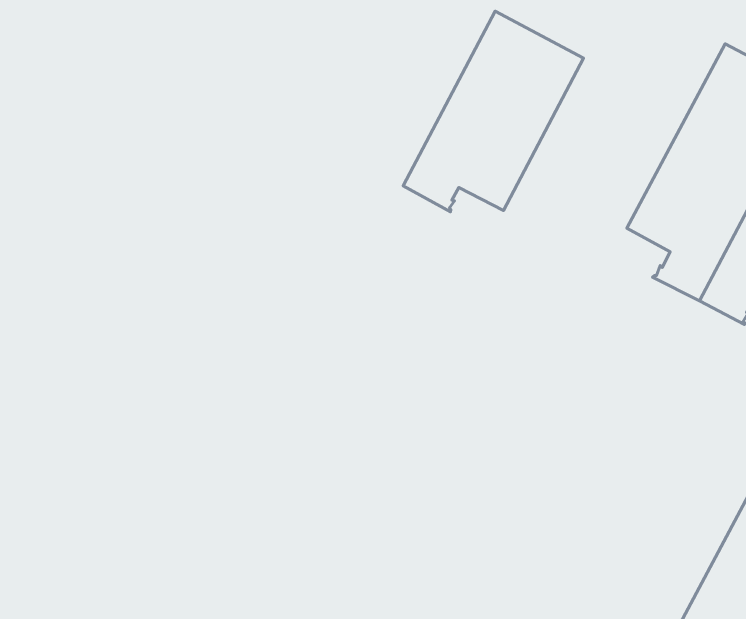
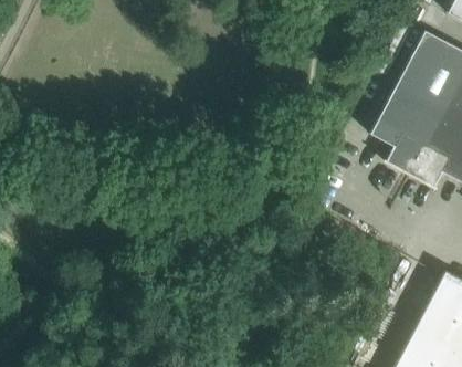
building: [403,11,583,212] -> none

